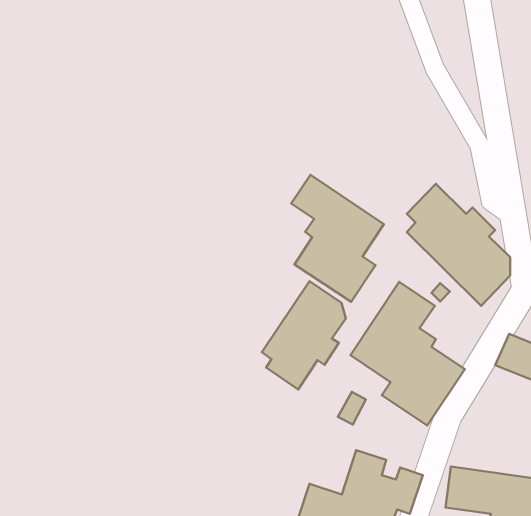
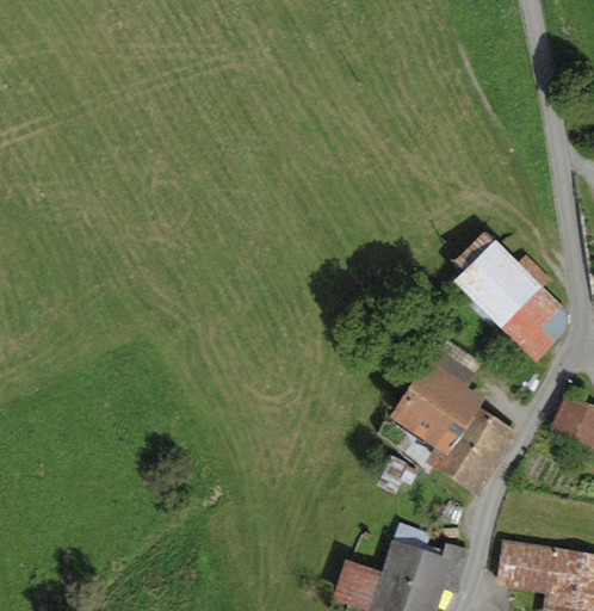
building: [291,175,384,302] -> none
building: [262,281,346,389] -> none

